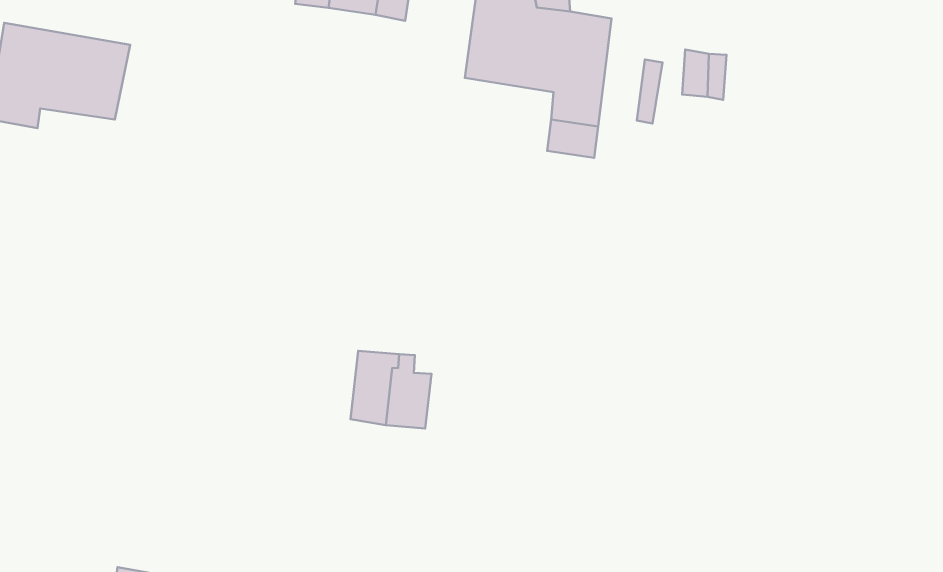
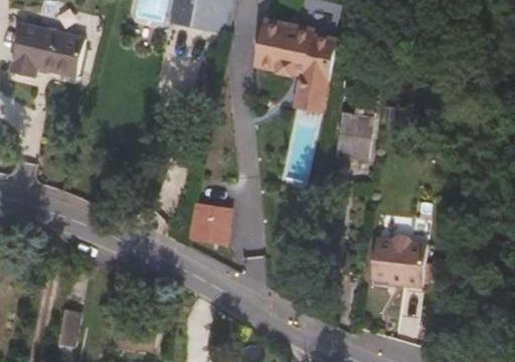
building: none -> [338,115,373,159]
building: none -> [370,233,425,285]

